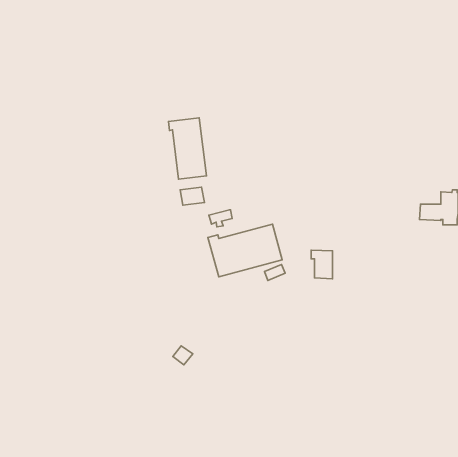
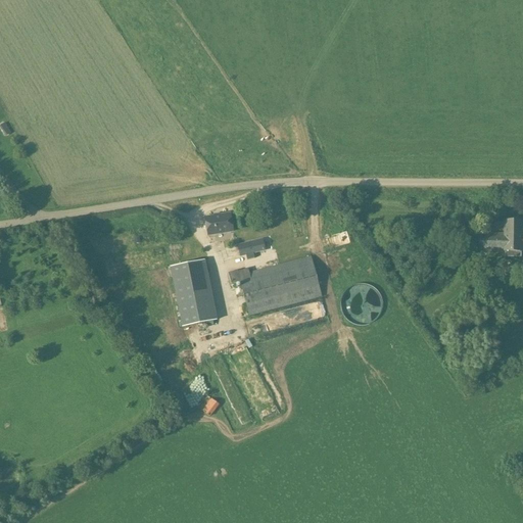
building: [169,118,207,179] -> none
building: none -> [170,259,218,327]

